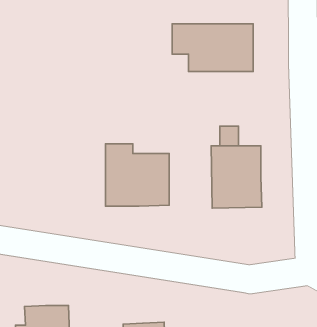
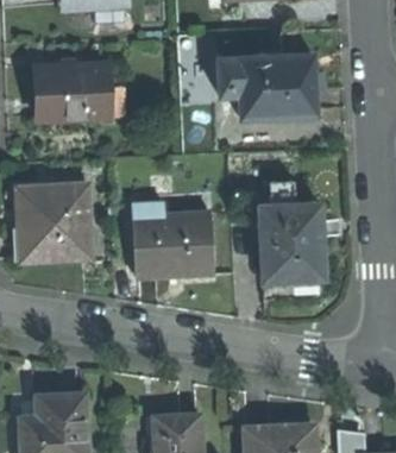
building: none -> [37,64,126,118]
building: none -> [17,184,90,258]

